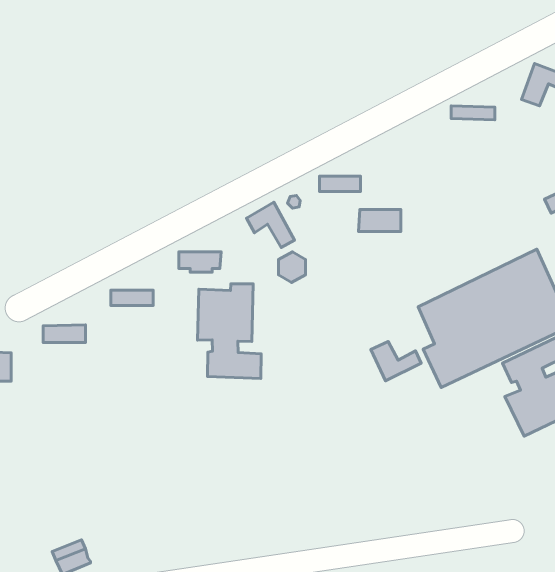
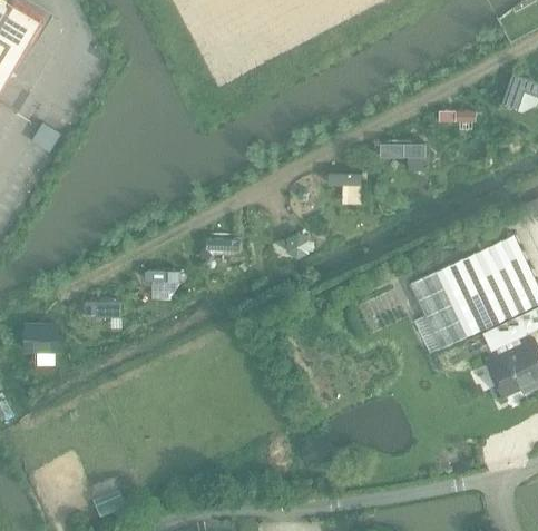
building: [246,202,295,247] -> none
building: [359,210,401,231] -> [384,140,421,159]
building: [197,284,261,378] -> none
building: [371,341,421,381] -> none

